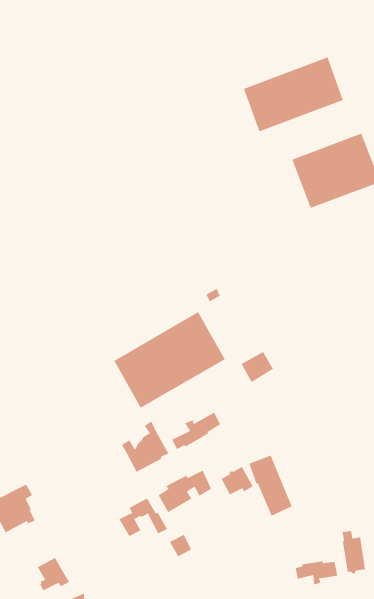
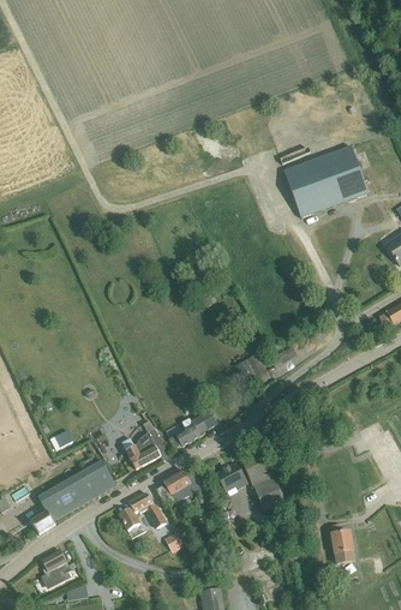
building: [243,57,344,132] -> none
building: [113,311,225,409] -> none
building: none -> [30,456,116,533]
building: [295,561,338,586] -> none

